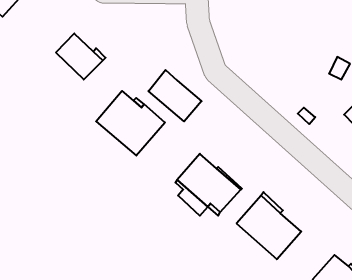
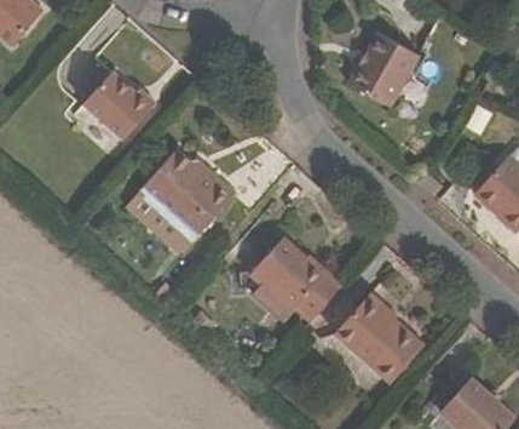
building: none -> [354,32,425,104]
building: [148,70,202,121] -> none

